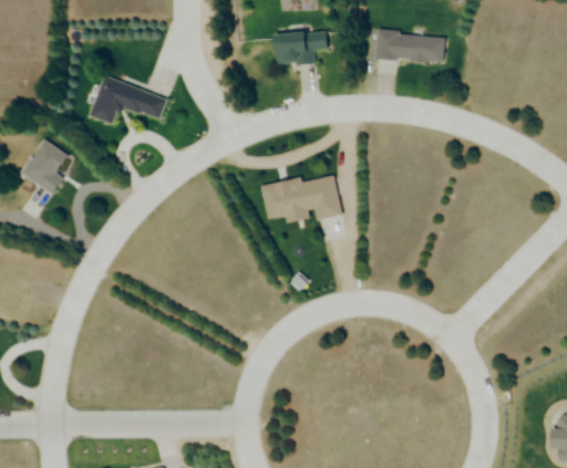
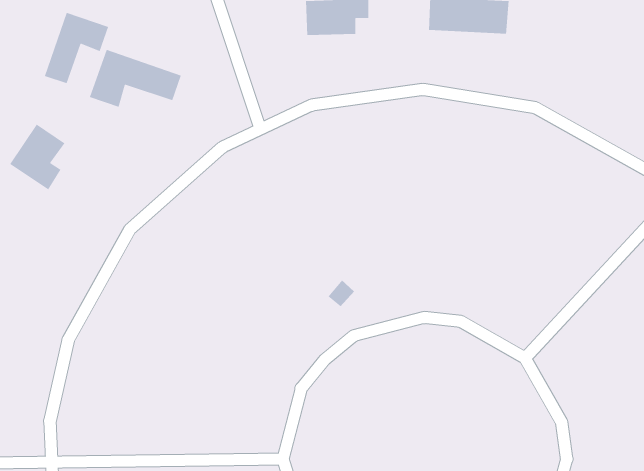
building: none -> [44,12,109,84]
building: [261,176,342,223] -> none

